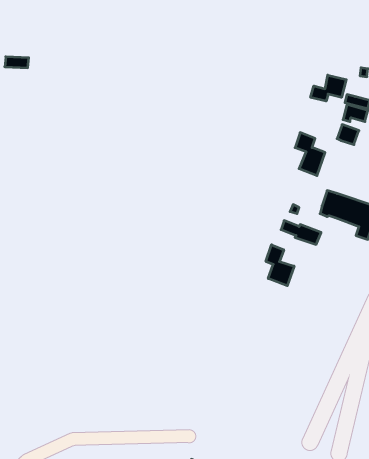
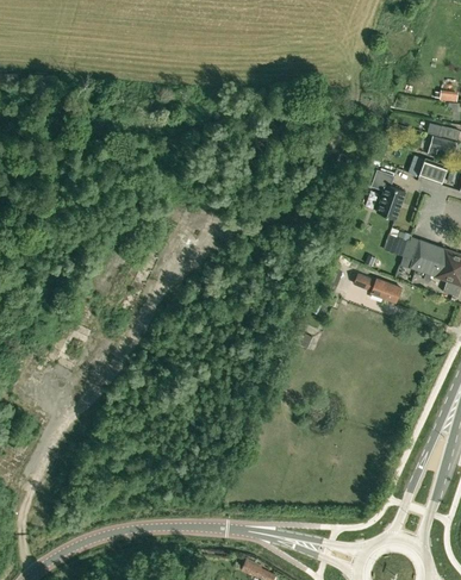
building: [311,75,346,101] -> none
building: [266,245,294,286] -> none

